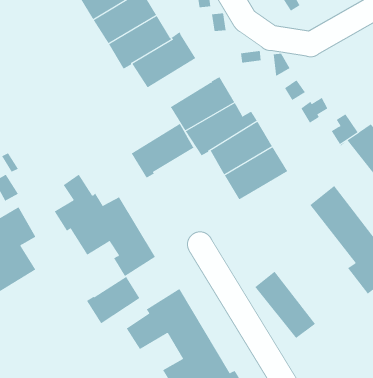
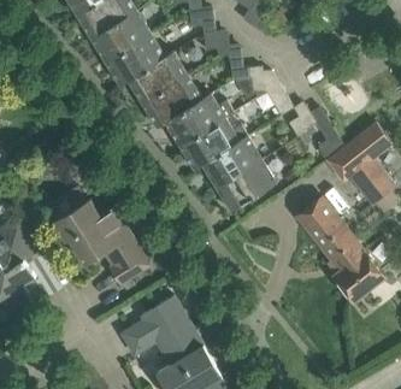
building: [131,123,195,179] -> [142,75,204,128]
building: [254,271,316,339] -> none
building: [86,276,140,324] -> none

